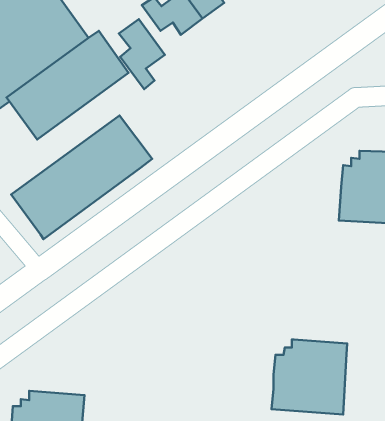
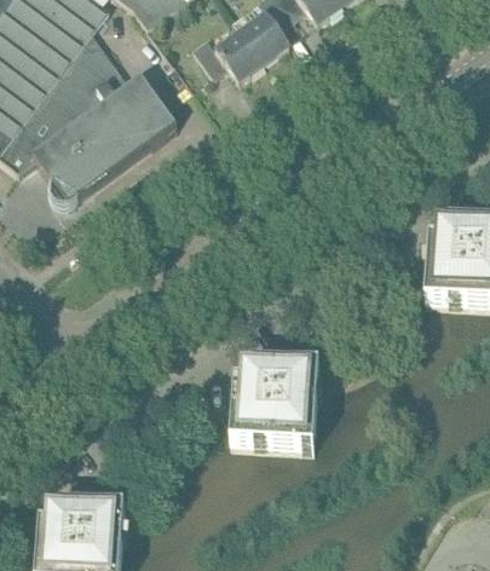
building: [119,19,165,89] -> none
building: [11,115,152,239] -> none
building: [271,339,347,414] -> [230,358,319,446]

